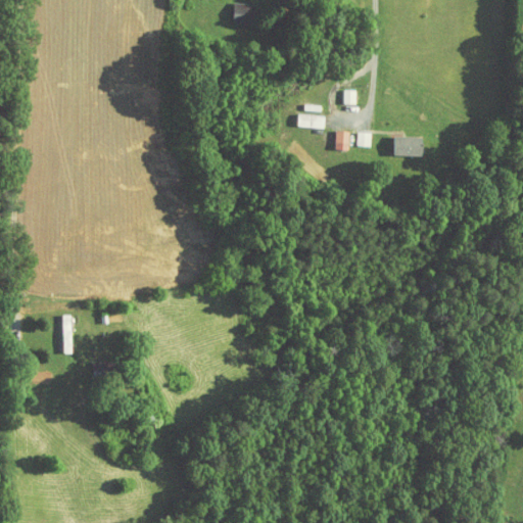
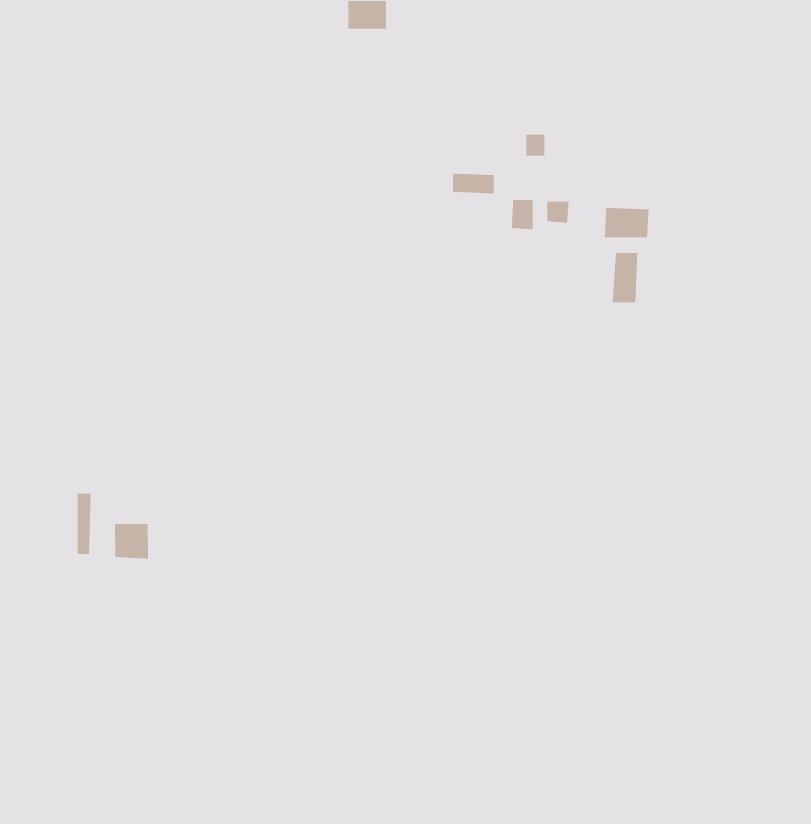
building: none -> [612,252,638,303]
building: none -> [114,523,149,559]

